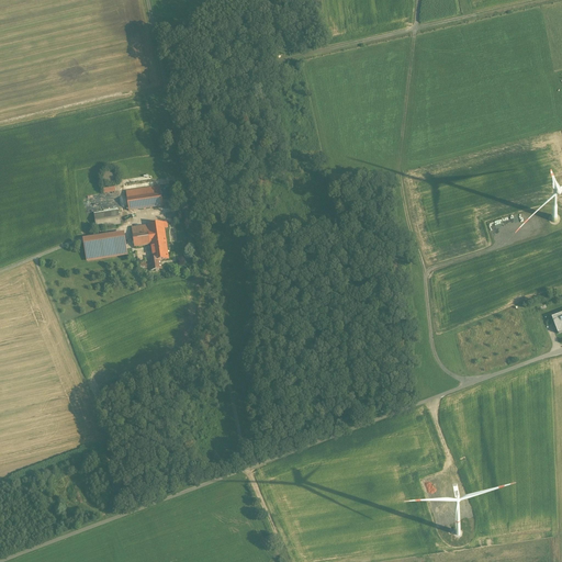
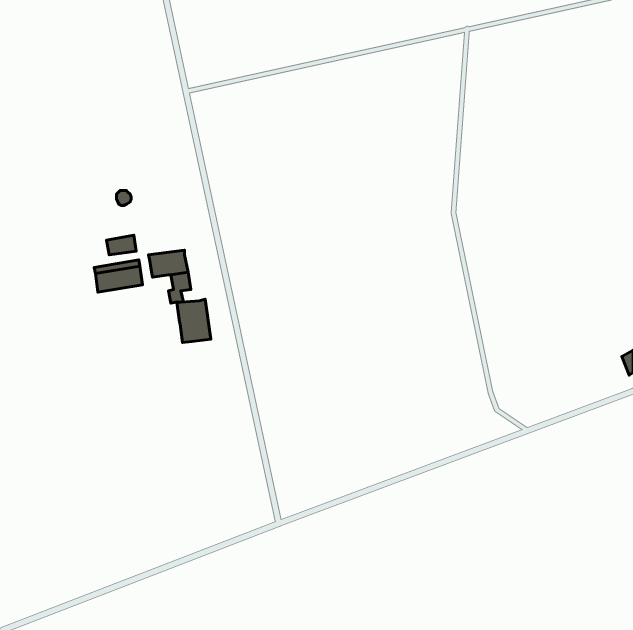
building: [126,184,162,210] -> none
building: none -> [177,299,211,343]

